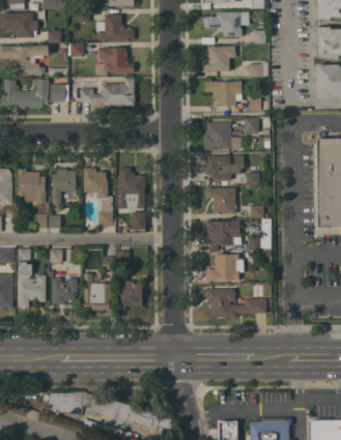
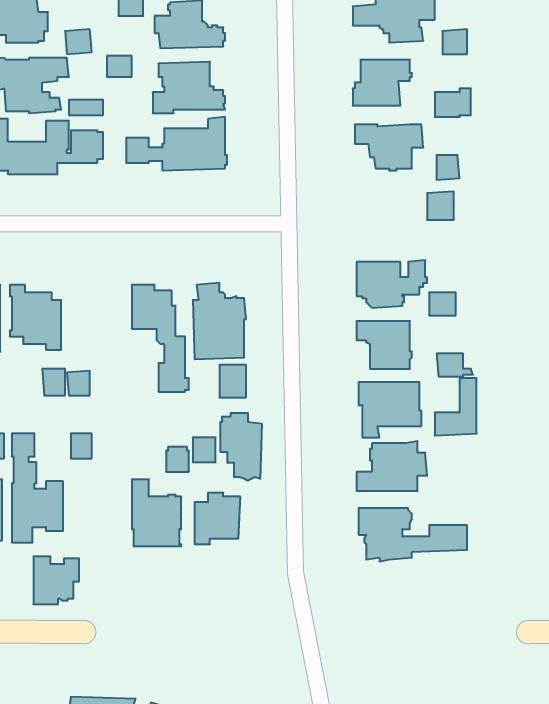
building: [203,122,240,149] -> none
building: [51,168,75,203] -> none
building: none -> [221,413,262,481]
building: [52,277,77,303] -> [33,557,79,604]

